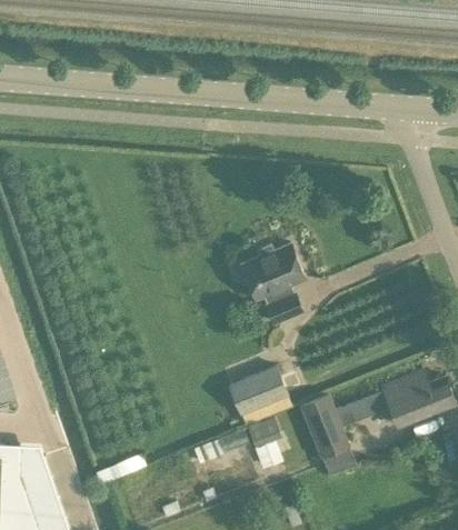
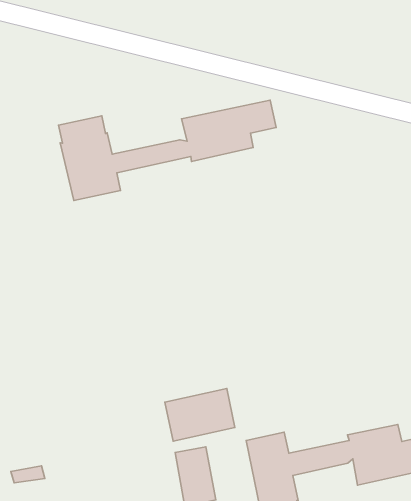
building: none -> [59,100,276,201]
building: [240,244,305,324] -> none

